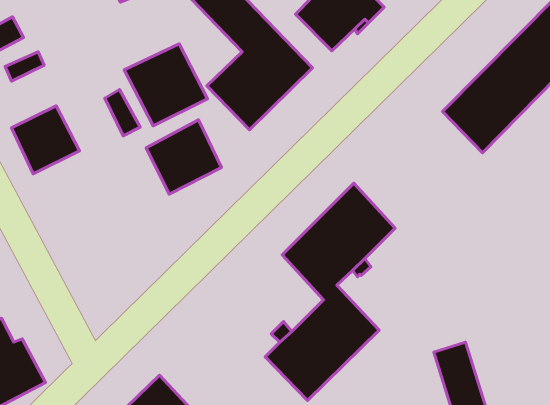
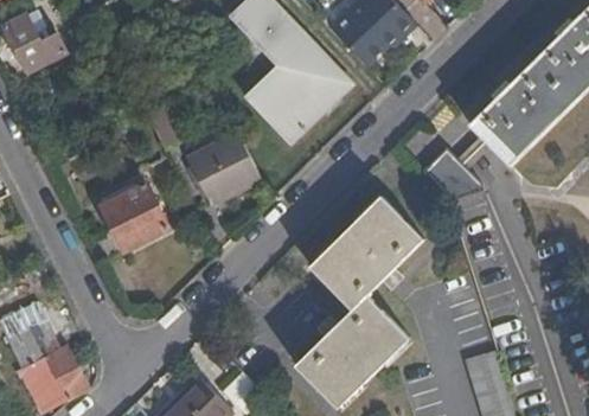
building: [124,44,207,126] -> none
building: [11,106,79,174] -> [101,184,167,250]
building: none -> [428,145,487,197]

